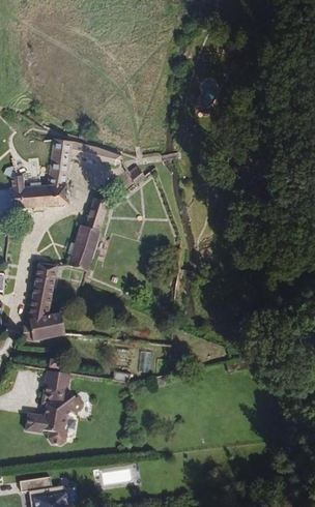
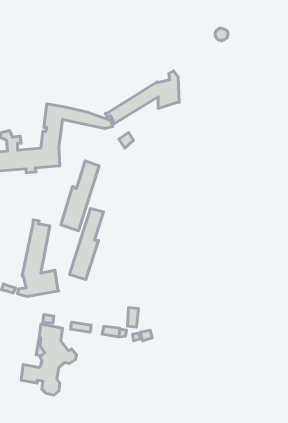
building: none -> [105,71,179,124]
building: none -> [70,208,104,279]

